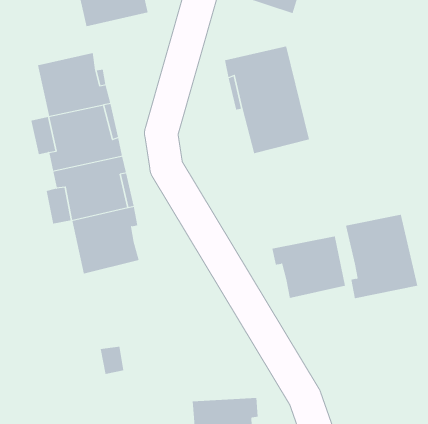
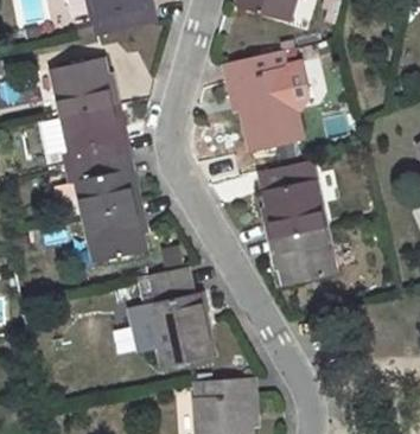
building: [345,214,418,299] -> [259,160,326,238]
building: none -> [148,266,215,366]

